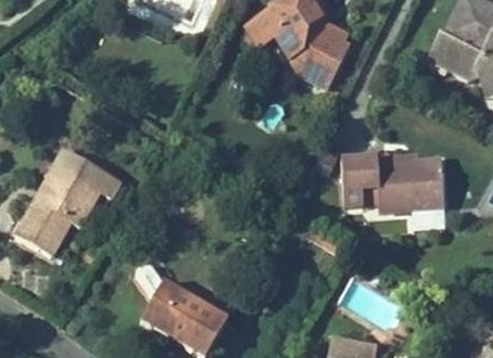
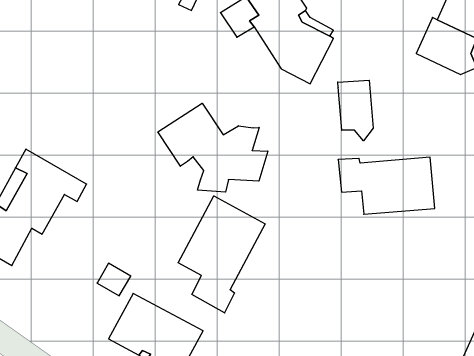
building: none -> [338,80,373,141]
building: none -> [158,103,268,192]
building: none -> [178,196,265,313]

